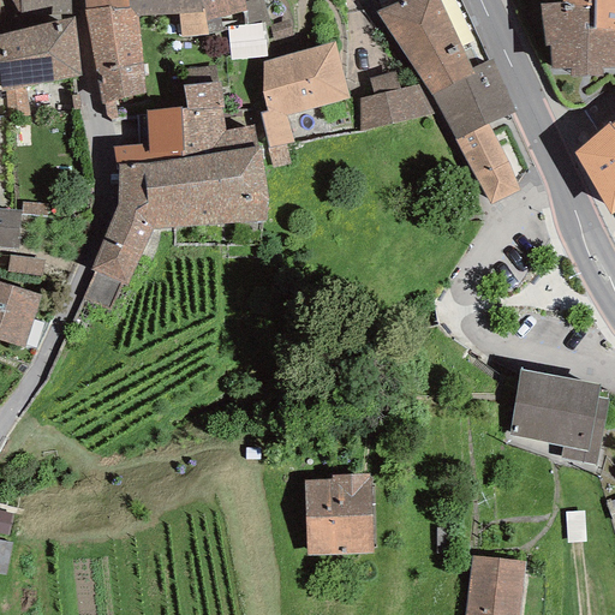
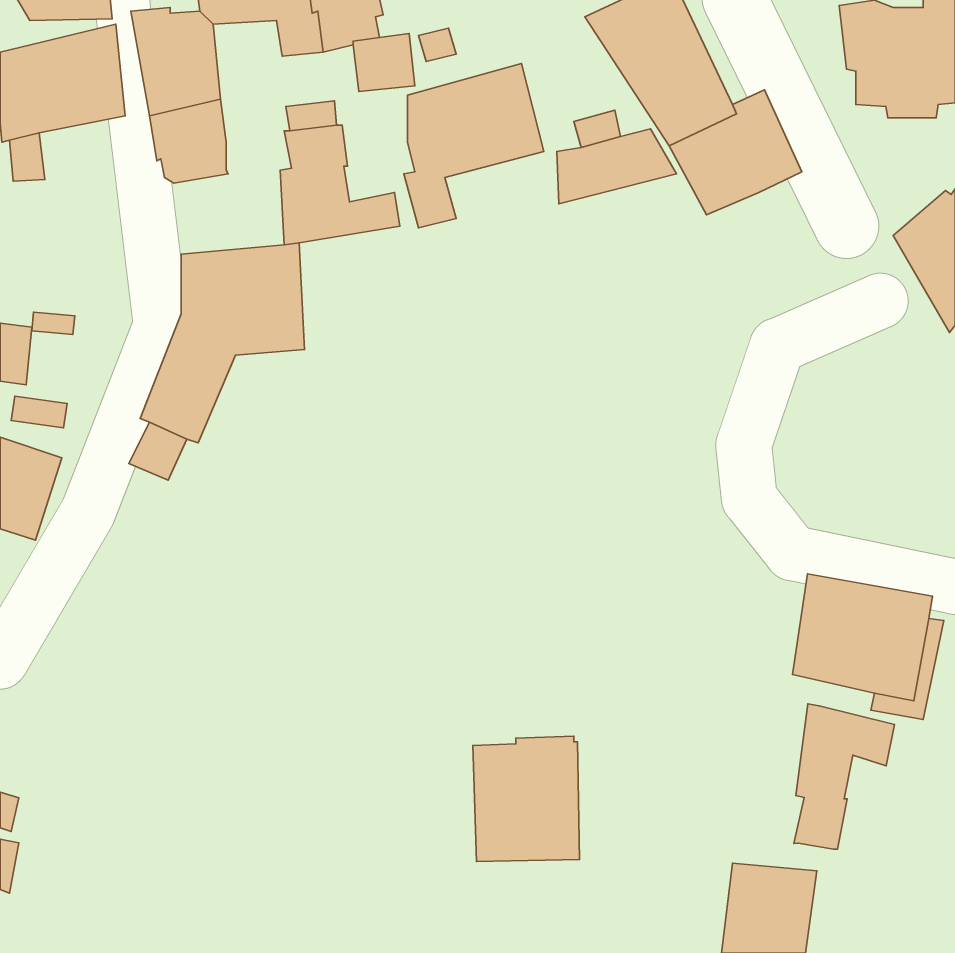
building: [113,106,183,163] -> none
building: [454,124,519,203] -> none
building: [192,145,270,225] -> none
building: none -> [794,704,895,849]

